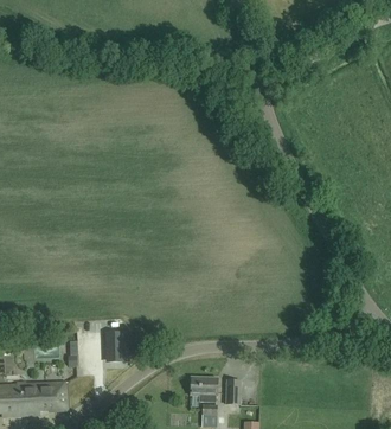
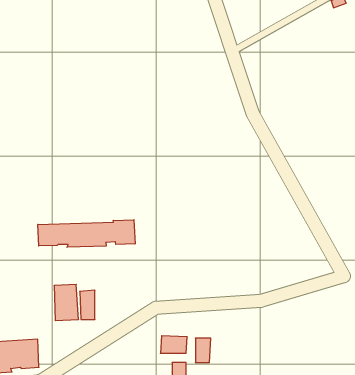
building: none -> [38,220,135,247]

